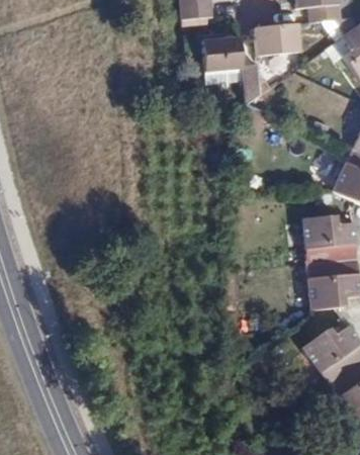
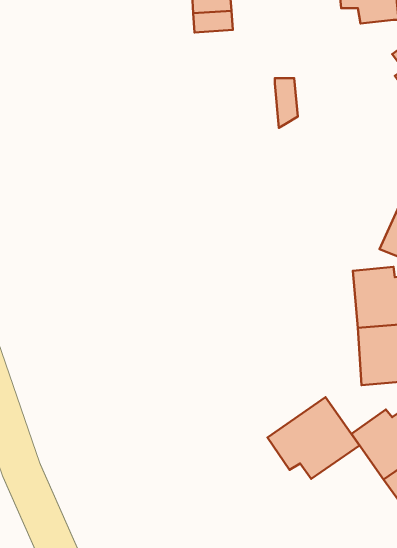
building: [253,21,299,55] -> none
building: [203,35,243,71] -> none
building: none -> [267,397,360,479]

